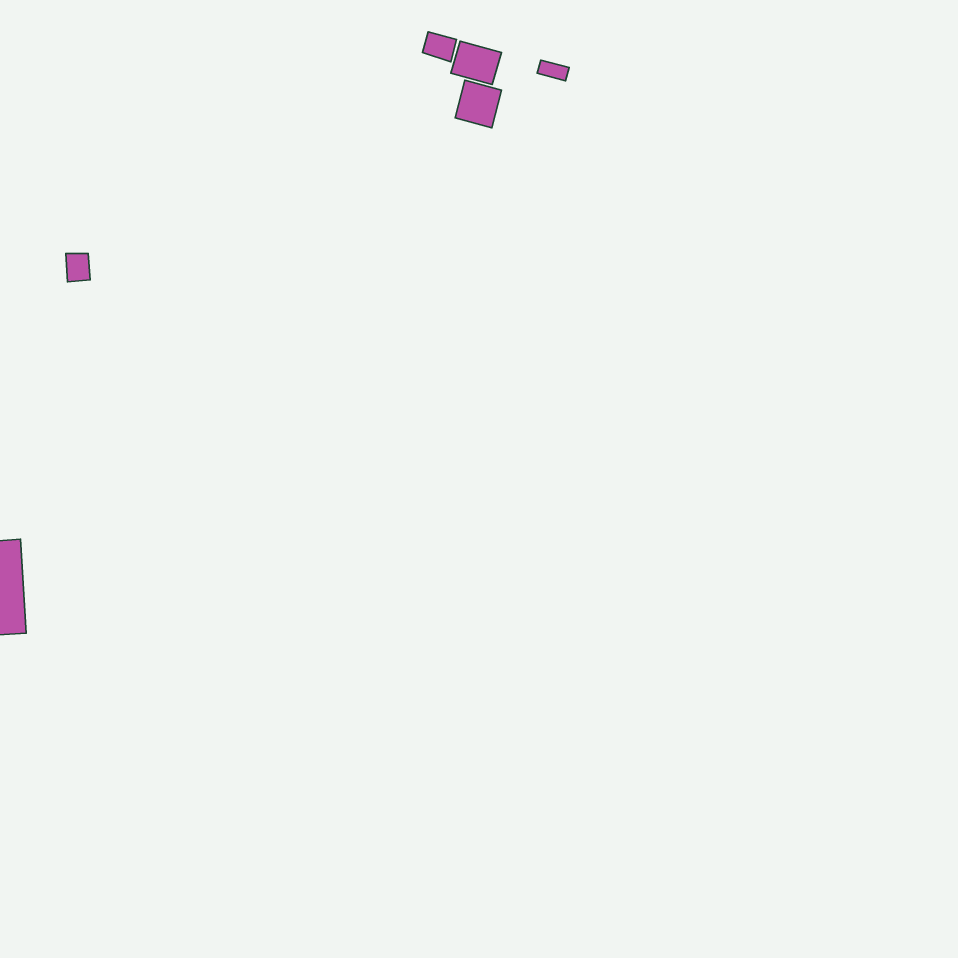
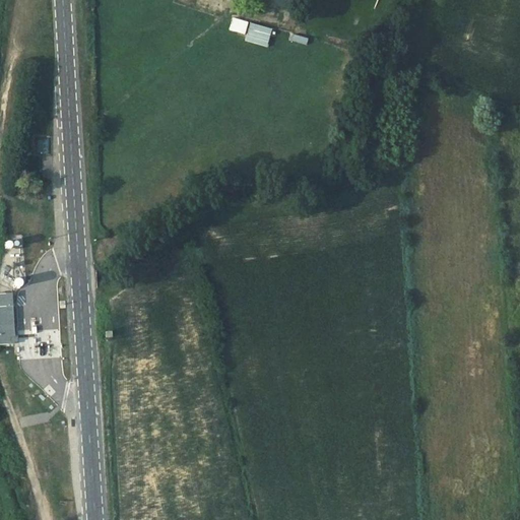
building: [455,80,501,128] -> none

